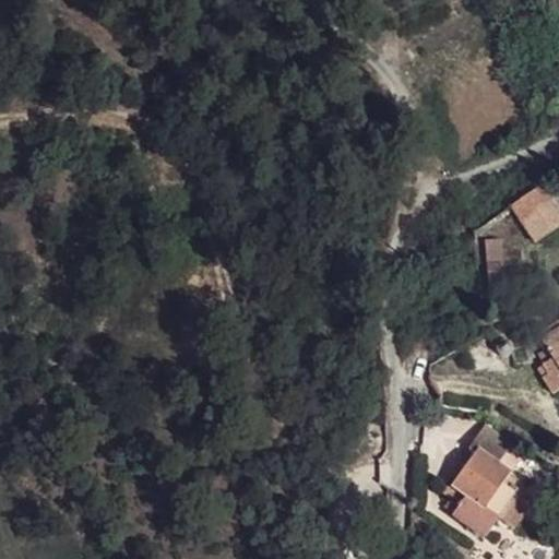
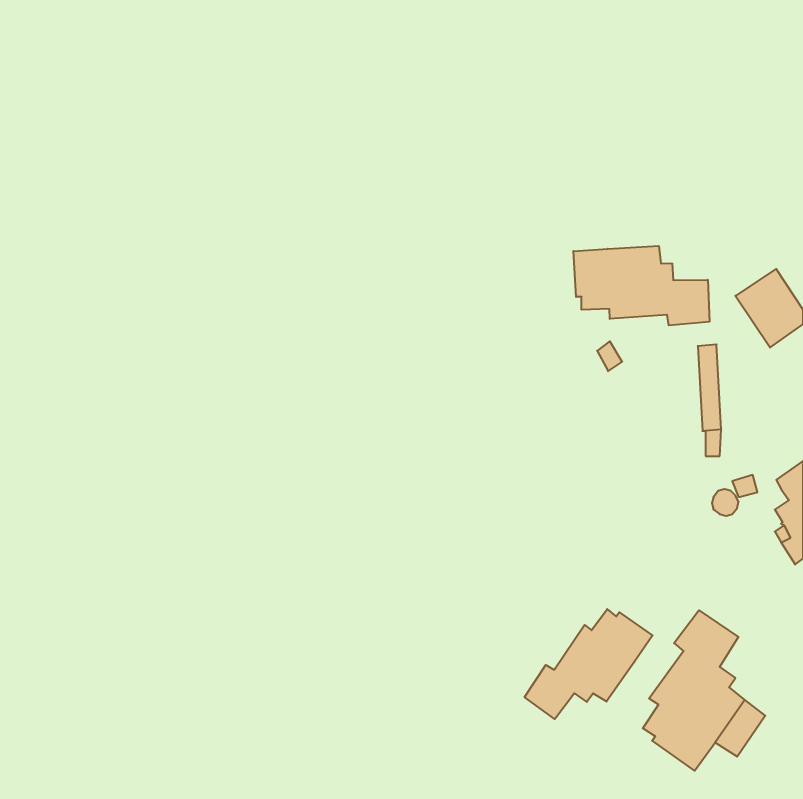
building: none -> [573,246,709,325]
building: none -> [525,609,653,719]

